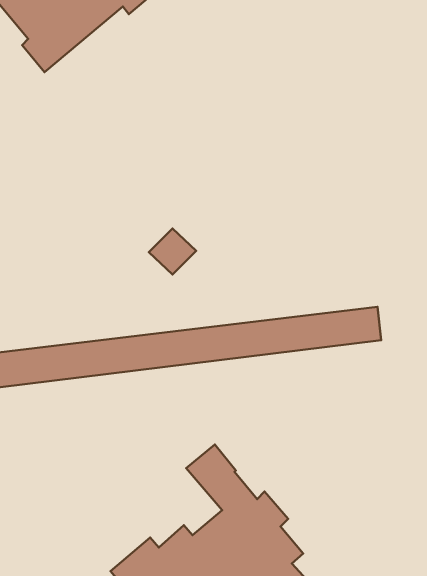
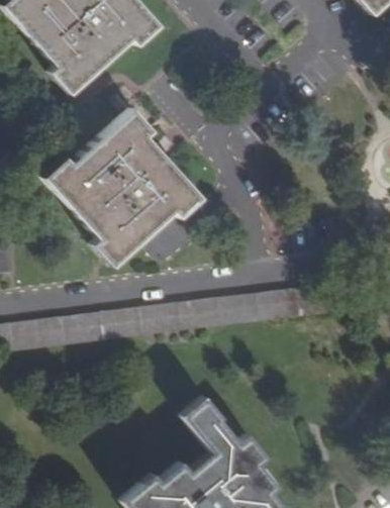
building: none -> [42,111,202,267]

